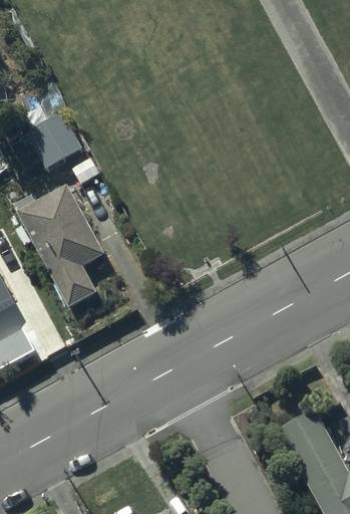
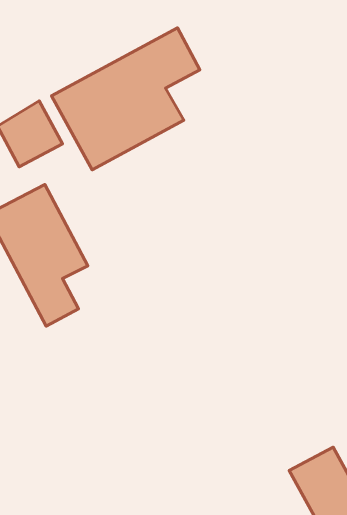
building: none -> [52,28,200,170]

